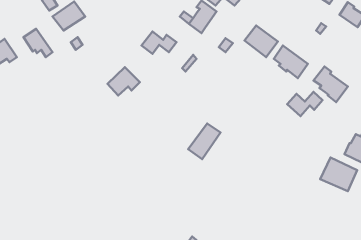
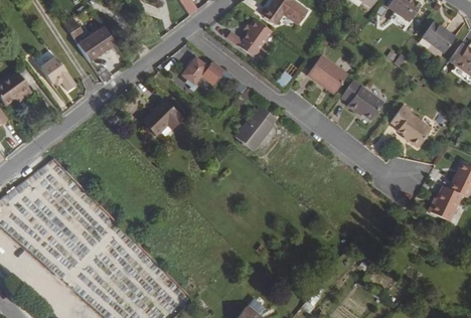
building: [287,92,323,116] -> none
building: [188,123,220,159] -> [238,103,277,146]
building: [320,157,357,191] -> none

